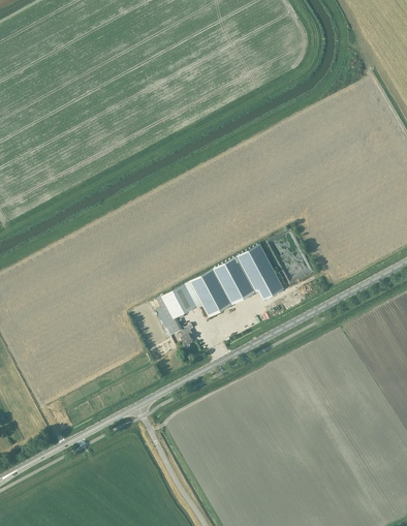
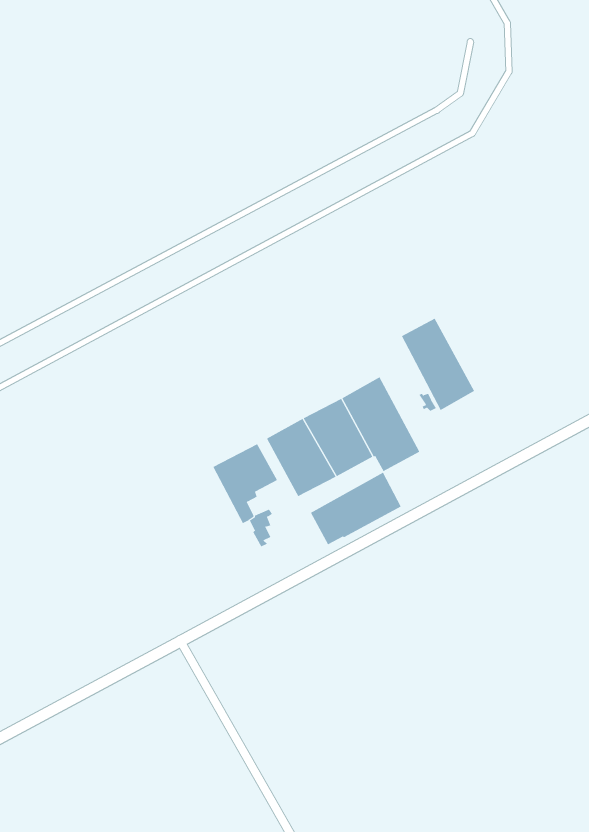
building: none -> [401,318,475,411]
building: none -> [310,472,401,545]

